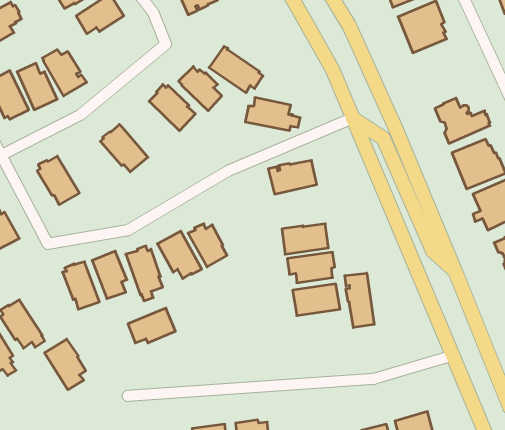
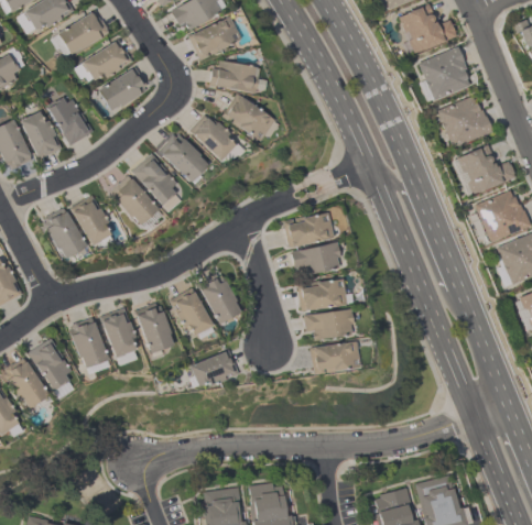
building: none -> [97,67,148,111]
building: none -> [437,97,492,147]
building: [245,98,300,130] -> [209,59,267,94]
building: none -> [131,153,177,205]
building: none -> [69,195,109,245]
building: none -> [292,242,340,275]
building: [345,273,374,328] -> none
building: [128,308,175,343] -> [189,350,239,386]
building: [45,339,86,390] -> [28,338,70,391]

